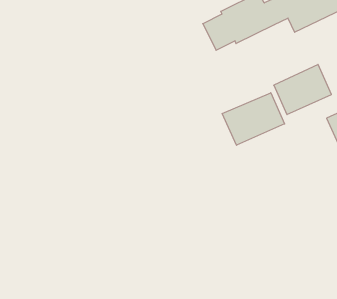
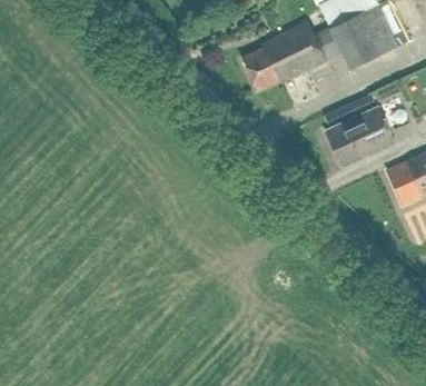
building: [222,93,285,145] -> none

